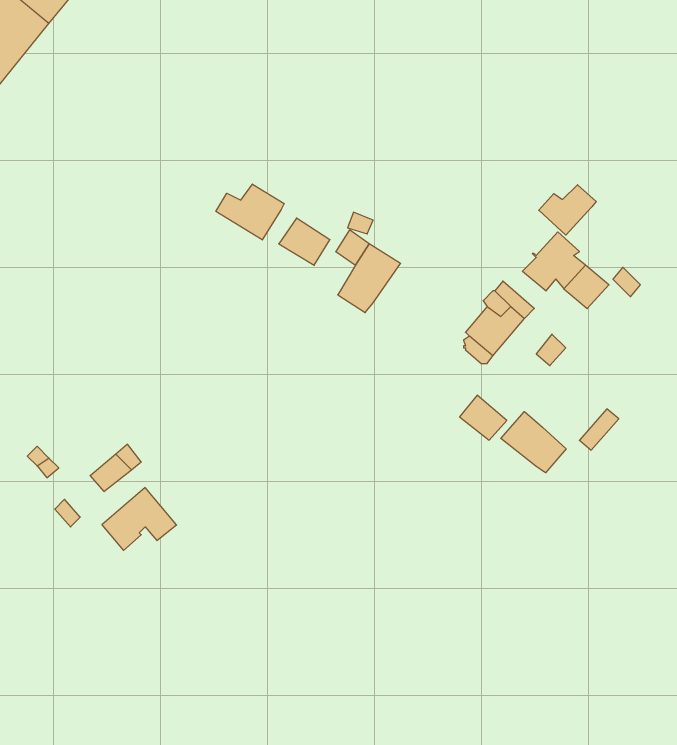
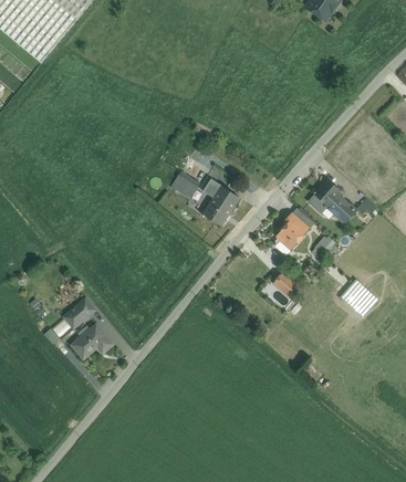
building: [216,184,284,240] -> none
building: [539,185,596,235] -> none
building: [501,412,566,473] -> none

